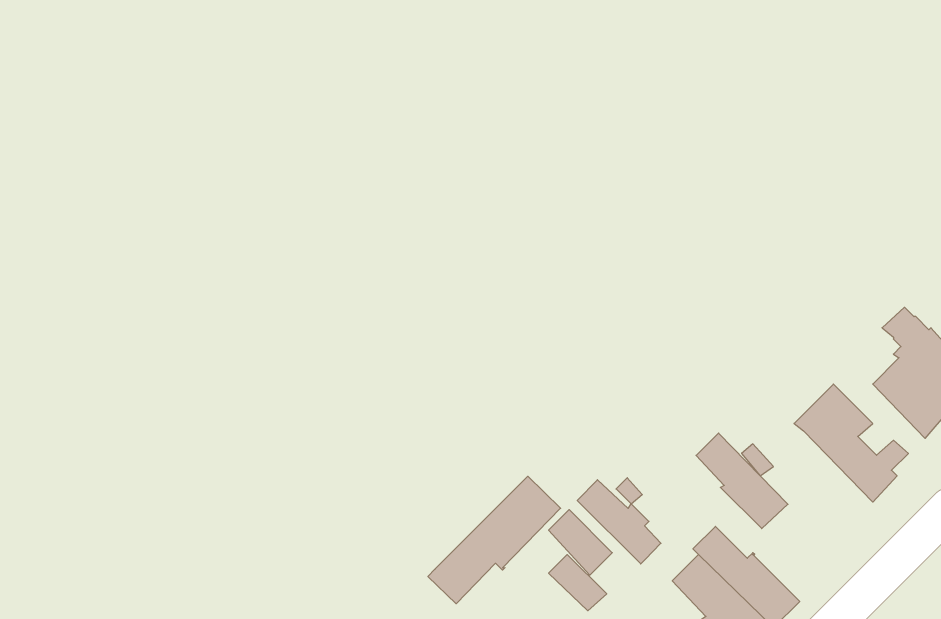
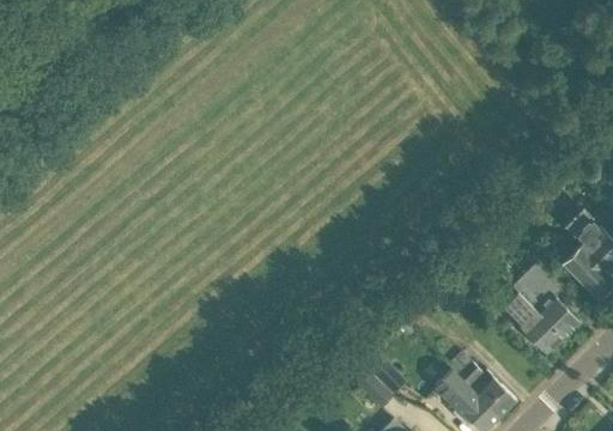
building: [696,433,788,529] -> [504,293,563,354]
building: [428,476,561,604] -> none
building: [577,480,661,564] -> none

